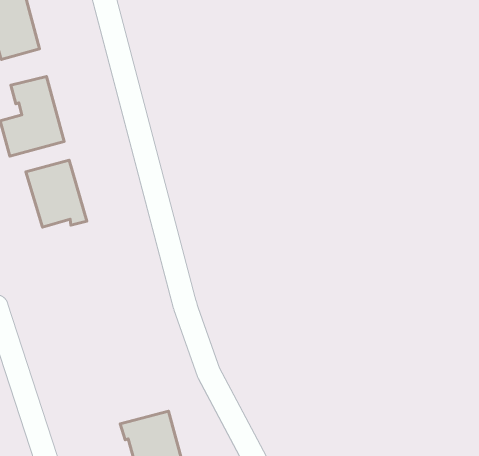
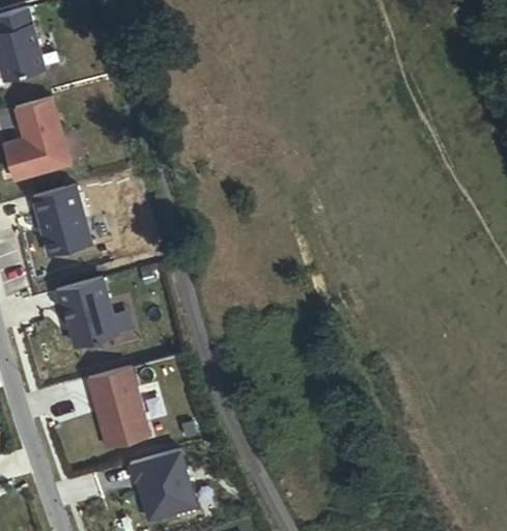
building: none -> [58,279,133,347]
building: none -> [87,366,149,448]

